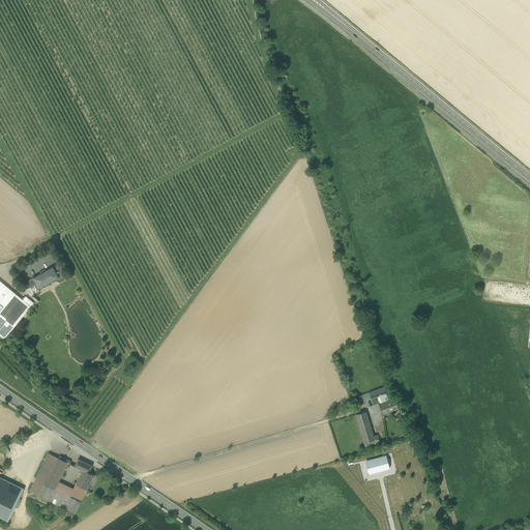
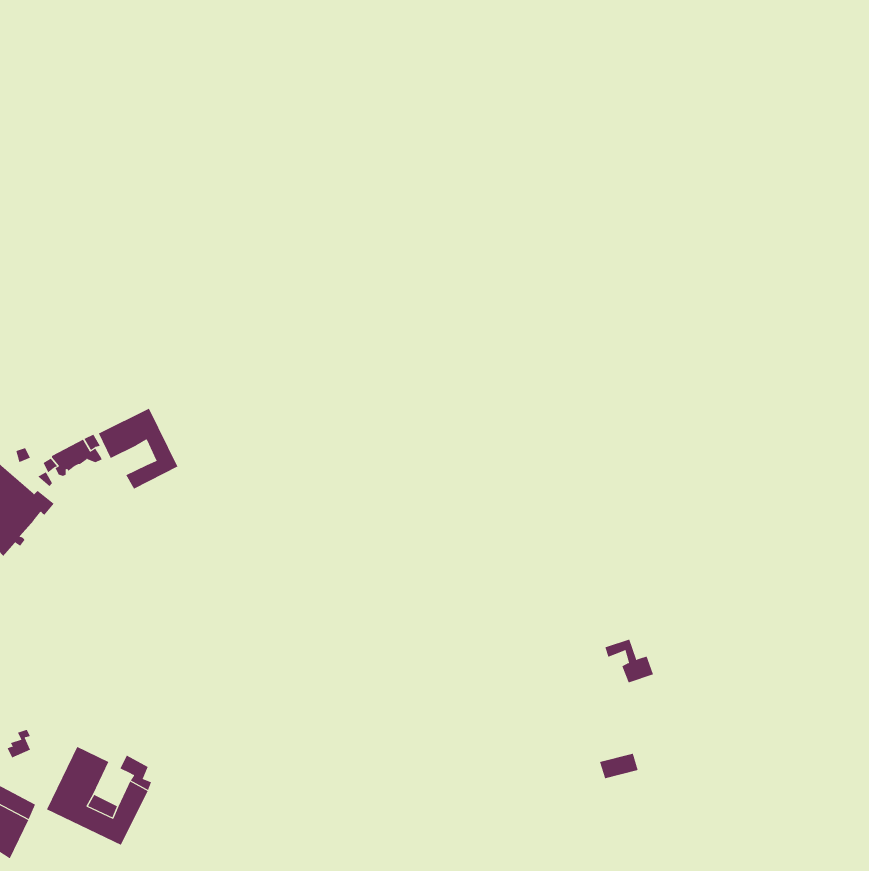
building: none -> [98,408,178,489]
building: [353,411,379,449] -> none

